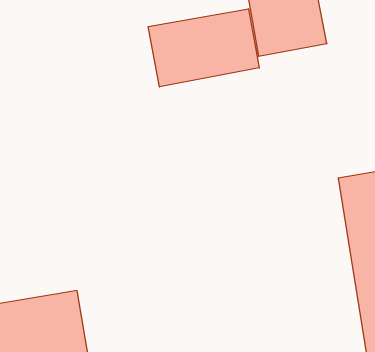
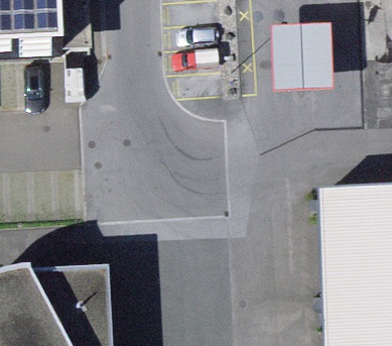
building: [148,9,259,87] -> none

